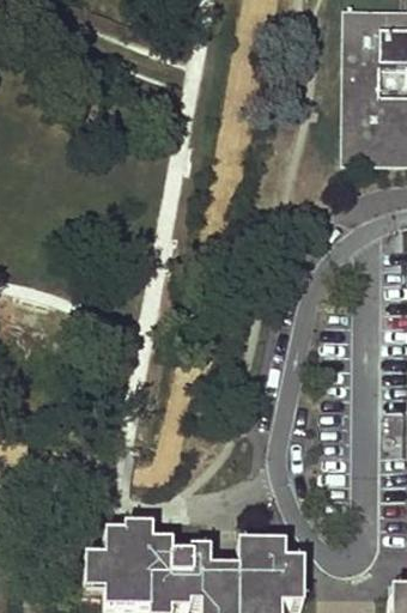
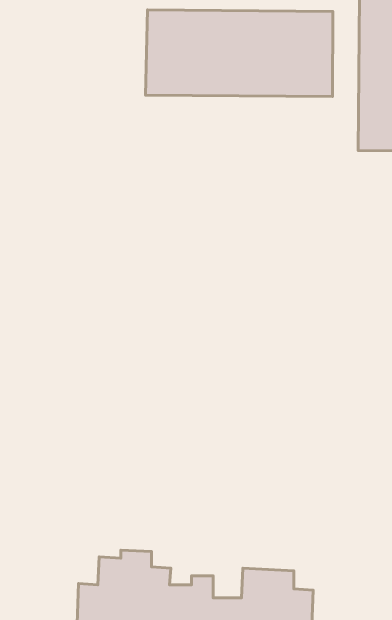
building: none -> [146,10,333,97]

